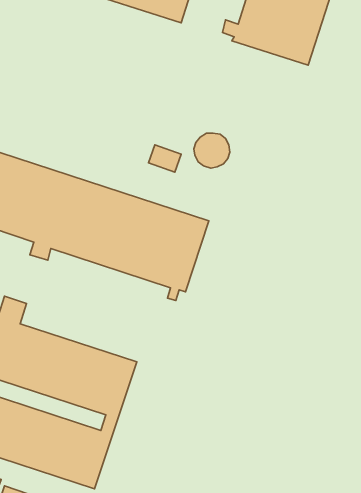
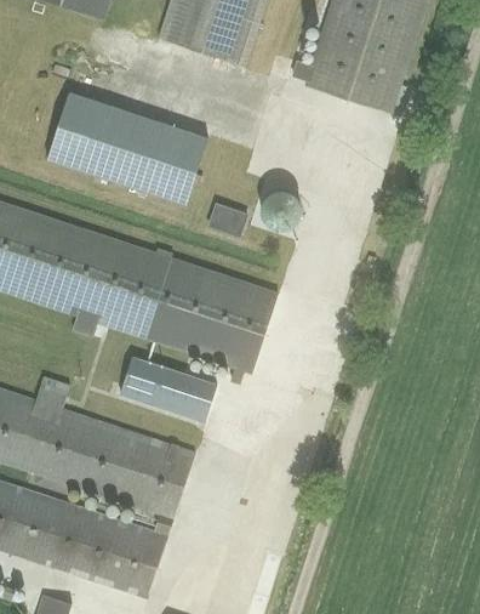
building: none -> [47,91,207,204]
building: none -> [121,356,216,421]

